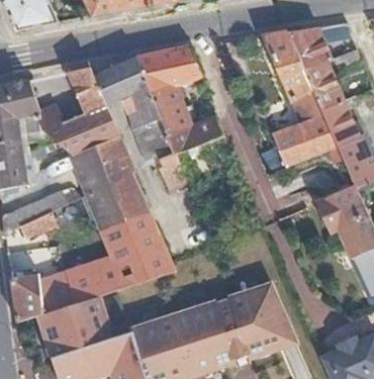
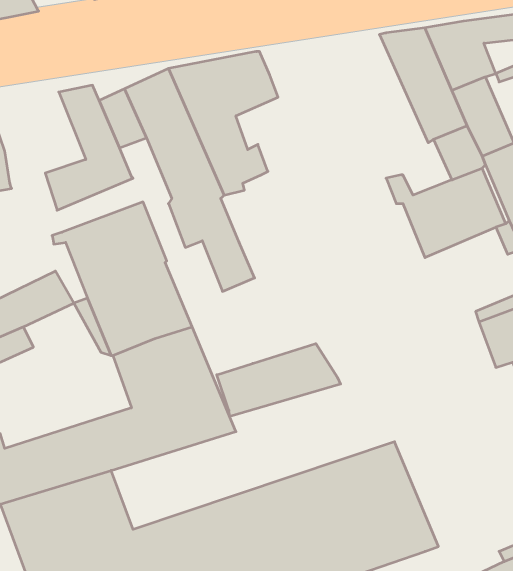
building: [49,70,86,118] -> none
building: [167,114,223,160] -> none
building: none -> [217,344,341,417]

